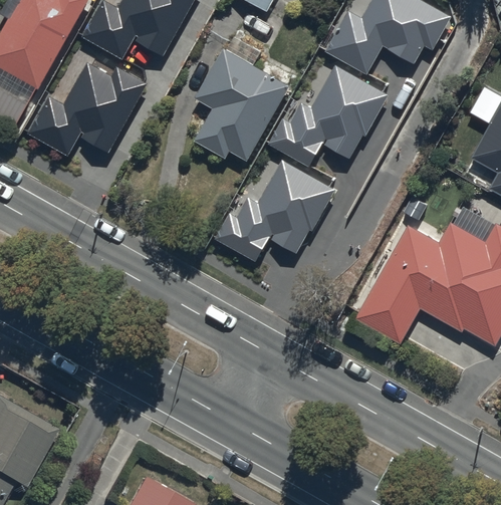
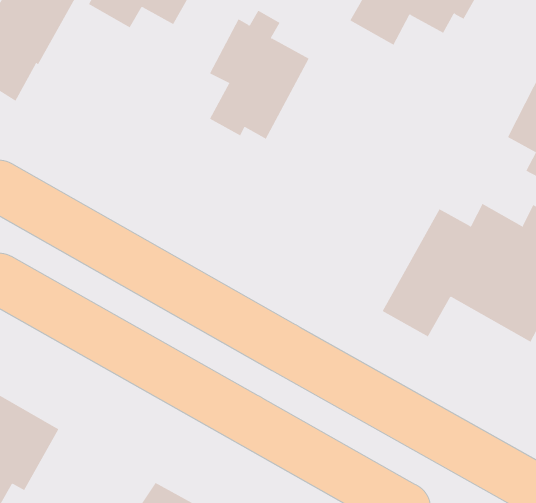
building: [27,61,147,155] -> none
building: [267,64,388,167] -> none
building: [214,160,333,261] -> none

